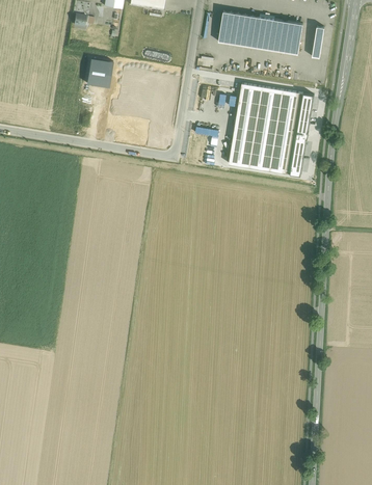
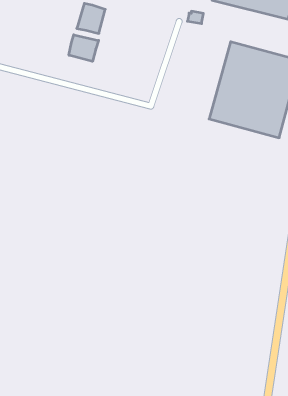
building: none -> [69,35,99,61]

